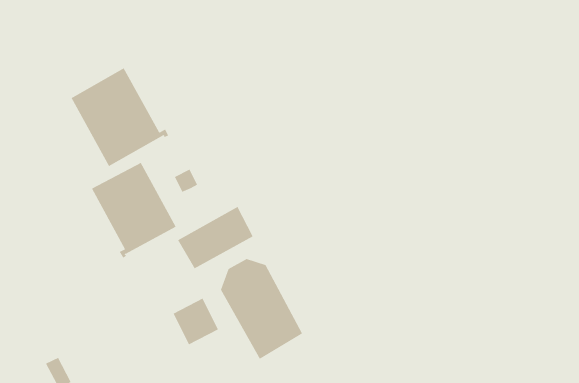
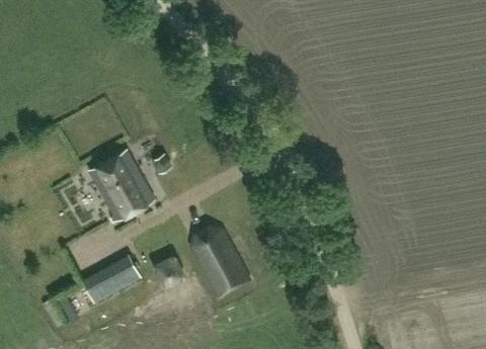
building: [71,67,169,167] -> none
building: [177,206,253,269] -> [82,255,141,303]

